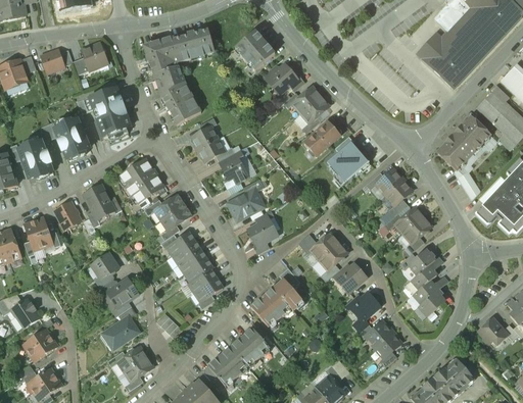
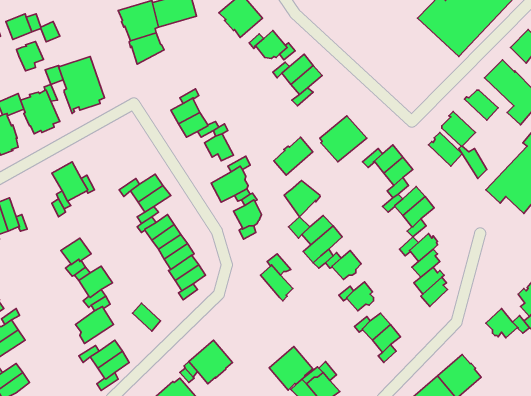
building: [82,43,106,69] -> [17,42,43,71]
building: [160,82,201,124] -> none
building: [304,121,340,156] -> [274,137,313,175]
building: [448,127,479,157] -> [429,132,462,166]
building: [120,158,163,202] -> none
building: none -> [284,180,320,217]
building: [54,201,81,228] -> none
building: [251,287,290,326] -> none
building: [230,326,270,366] -> [269,346,313,390]

